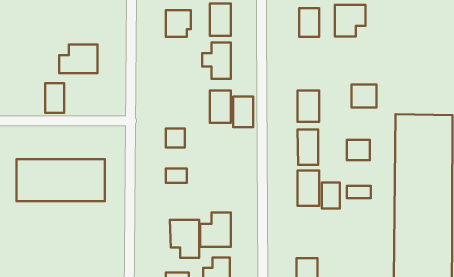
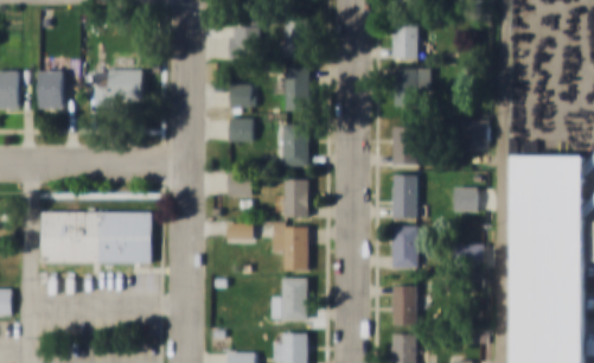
building: [335,5,365,36] -> [394,68,432,107]
building: none -> [229,83,254,108]
building: [45,83,64,113] -> [39,71,63,108]
building: none -> [228,119,253,141]
building: [233,97,253,127] -> [283,179,308,217]
building: [322,183,340,208] -> [394,286,416,318]
building: [170,220,199,258] -> [272,223,308,270]

